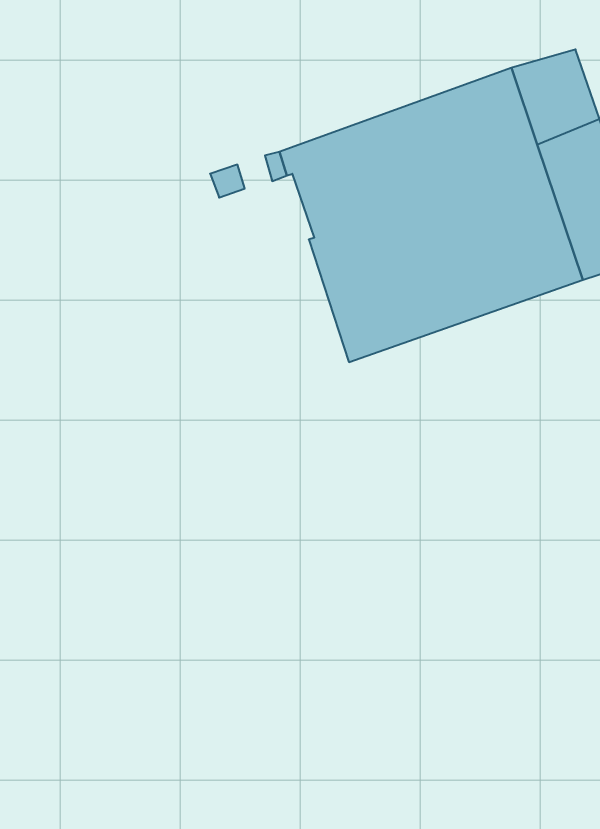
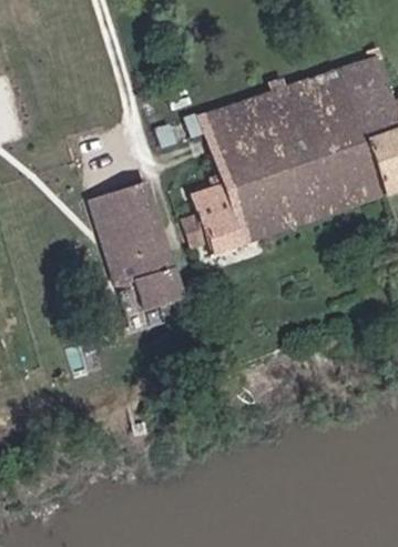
building: none -> [182,172,241,254]
building: none -> [90,183,184,310]

